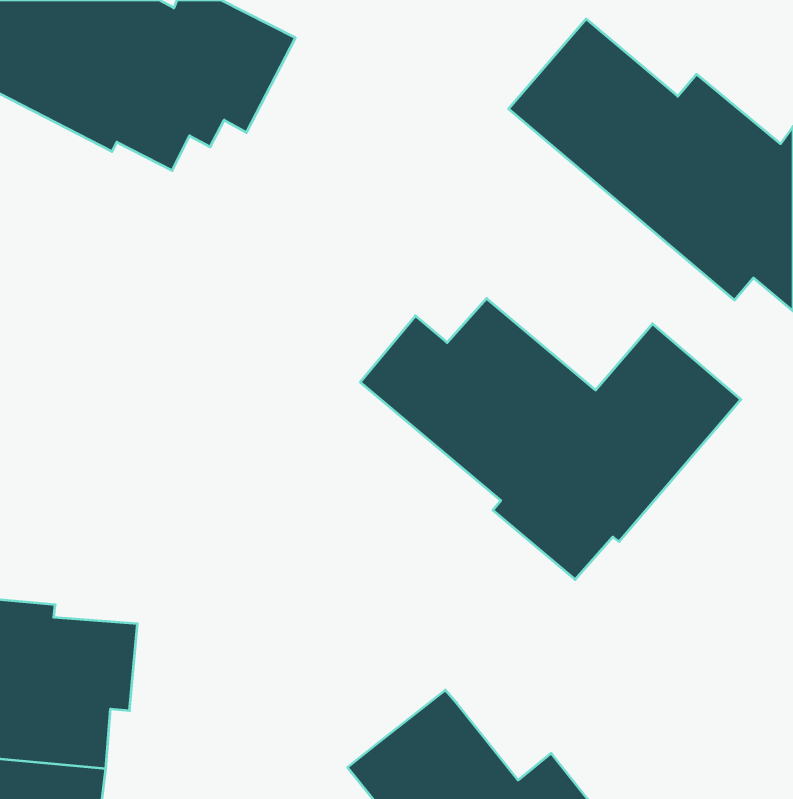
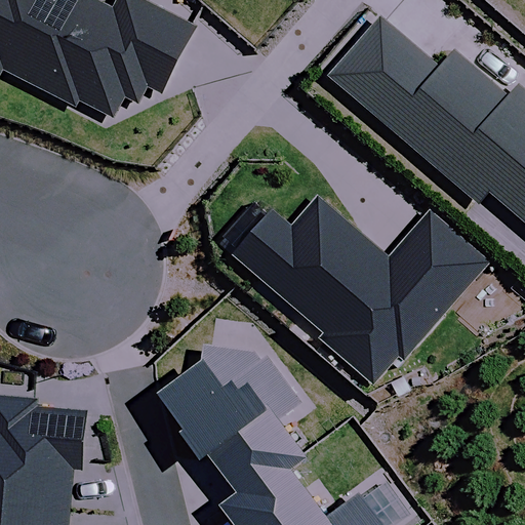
building: none -> [167,340,313,487]

